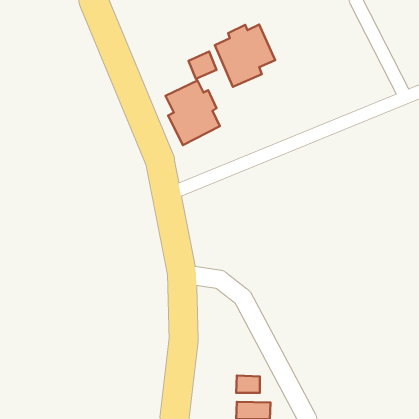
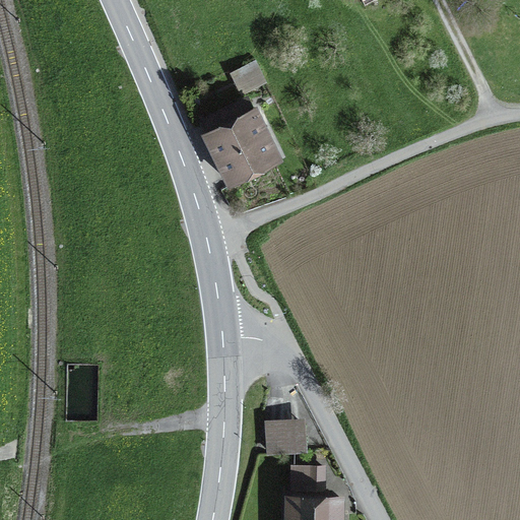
building: [215,25,275,87] -> none
building: none -> [267,424,305,451]

